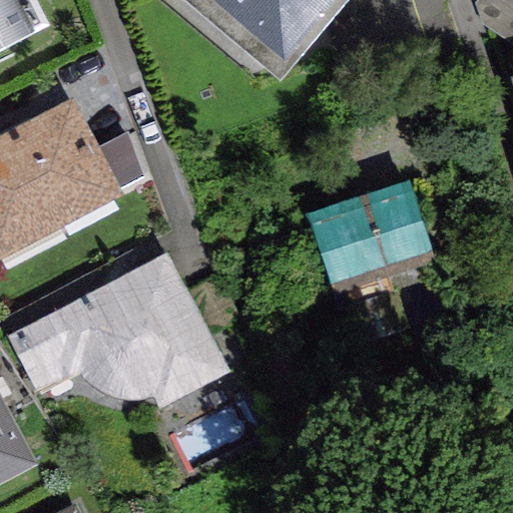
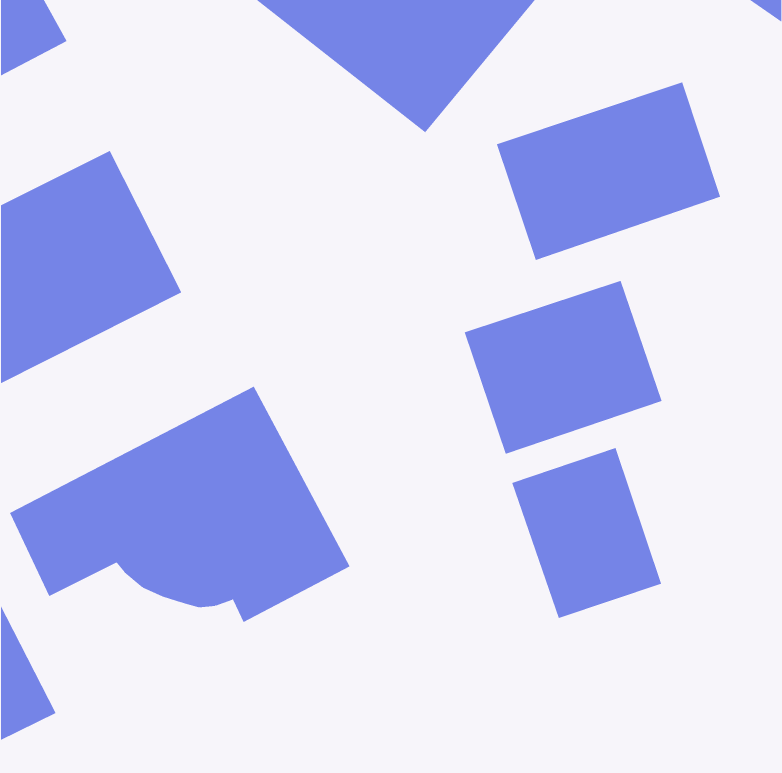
building: none -> [496,81,721,261]
building: none -> [511,447,662,619]

